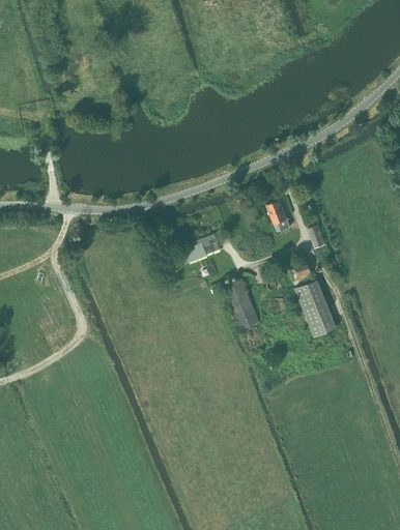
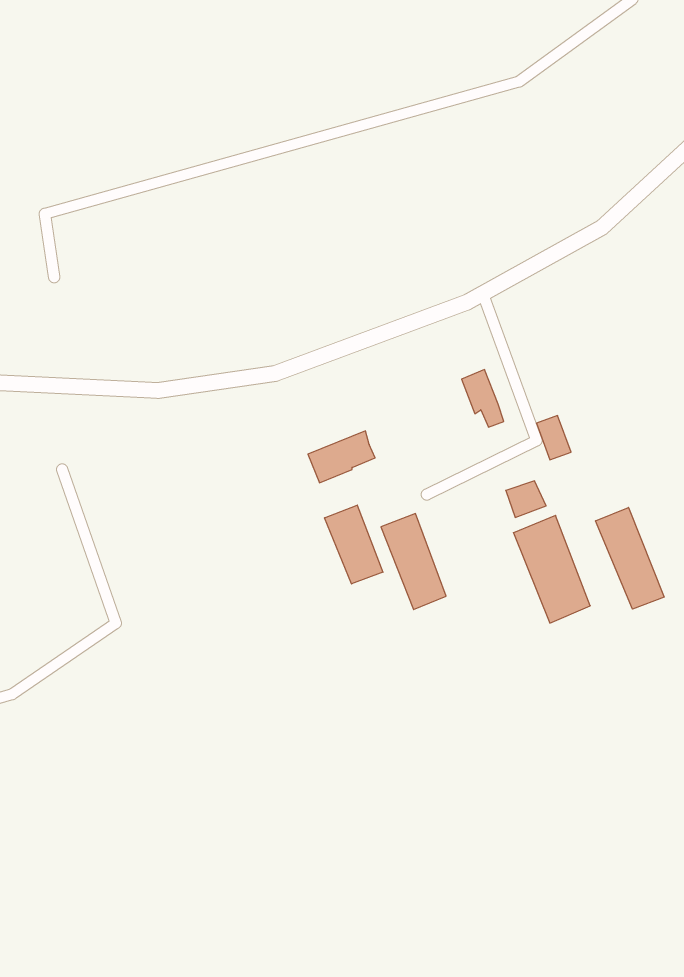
building: none -> [325,505,383,584]
building: none -> [596,507,664,609]

